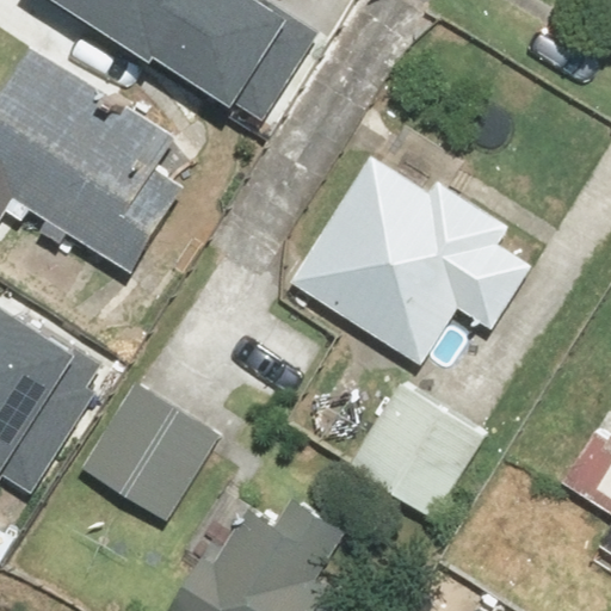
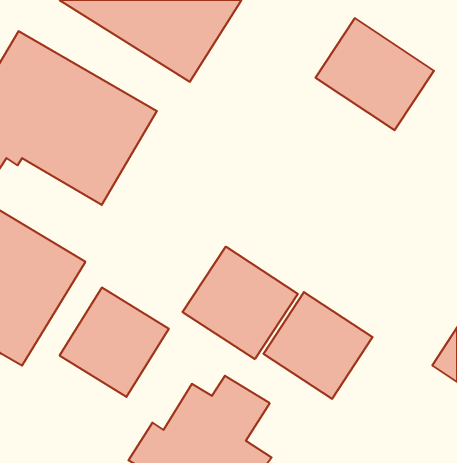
building: none -> [316,18,434,130]
building: [289,155,541,368] -> none
building: none -> [183,247,298,359]

